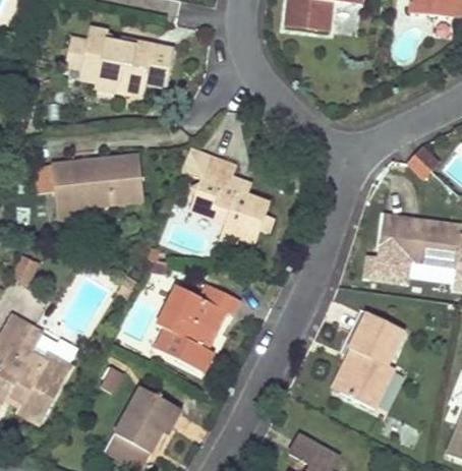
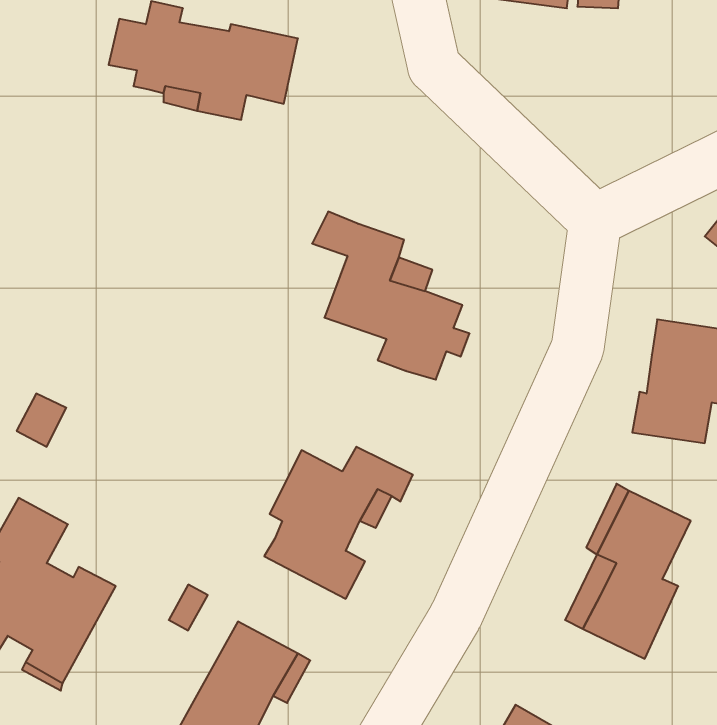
building: [34,155,142,221] -> none

